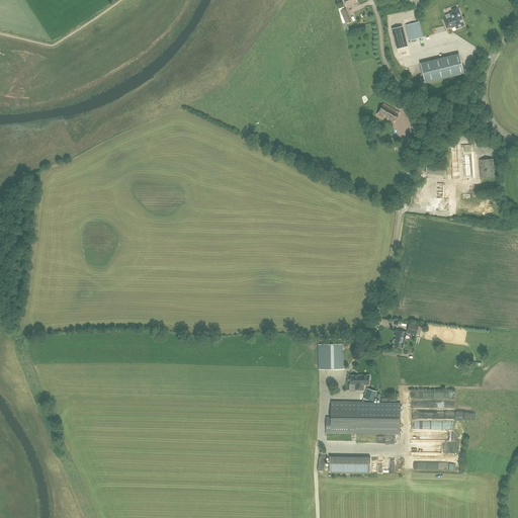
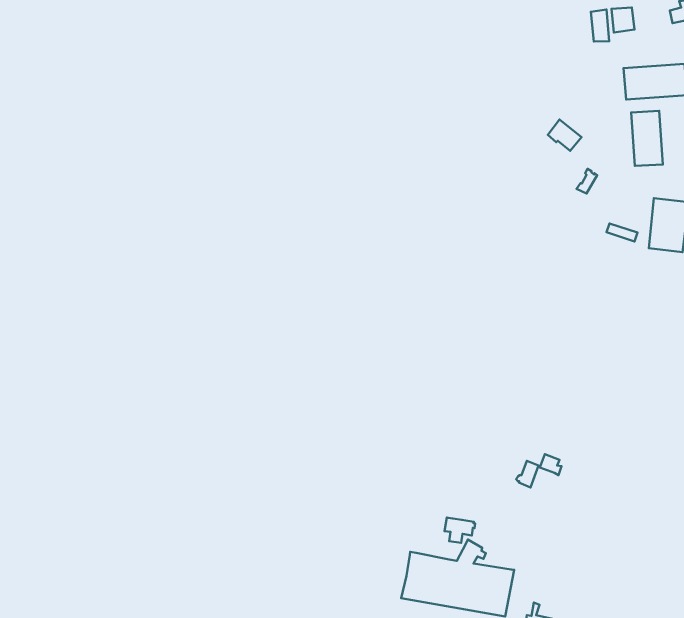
building: none -> [631,111,663,166]
building: [318,343,342,368] -> none

